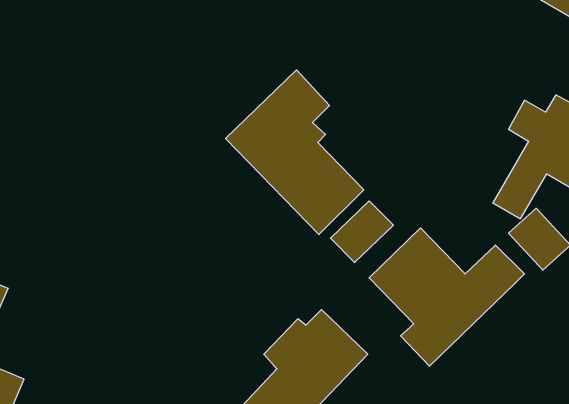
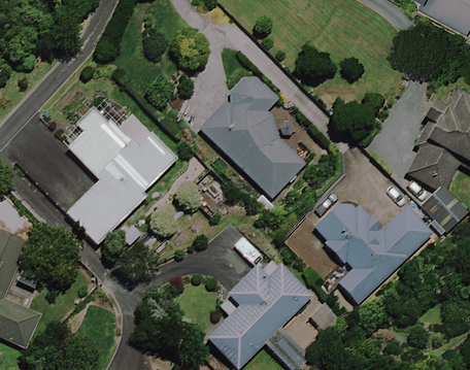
building: none -> [68,110,176,243]
building: [330,201,393,263] -> none

